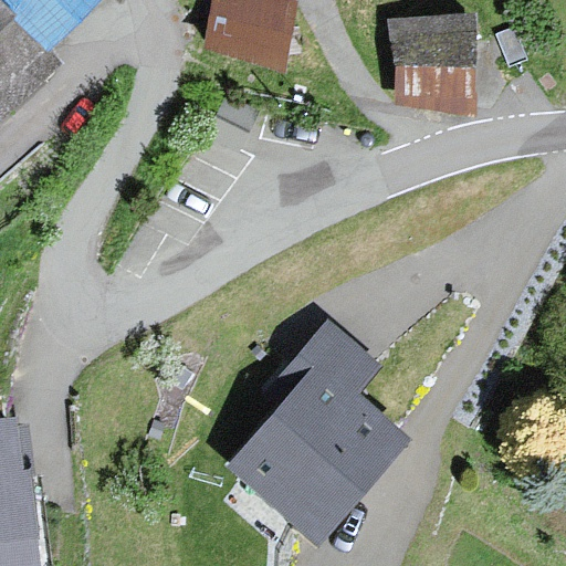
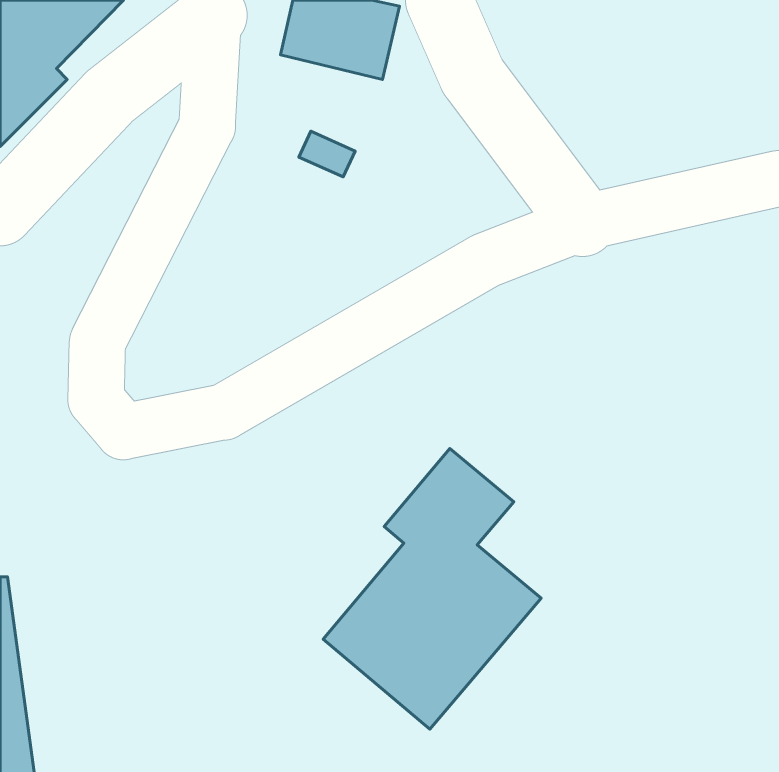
building: [397,24,468,106] -> none

